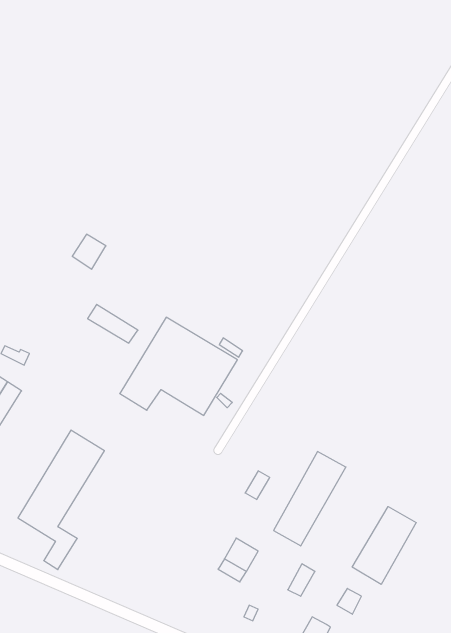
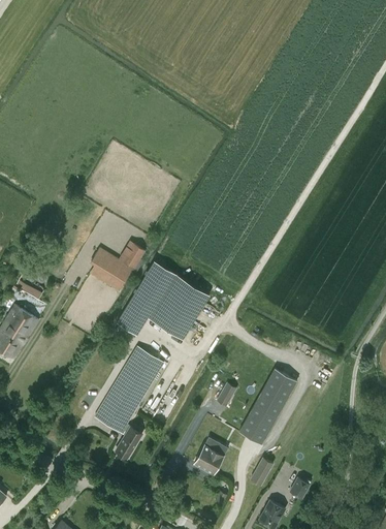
building: [72,234,106,269] -> [118,242,144,270]
building: [18,430,104,570] -> [94,347,163,459]
building: [352,507,416,584] -> none

